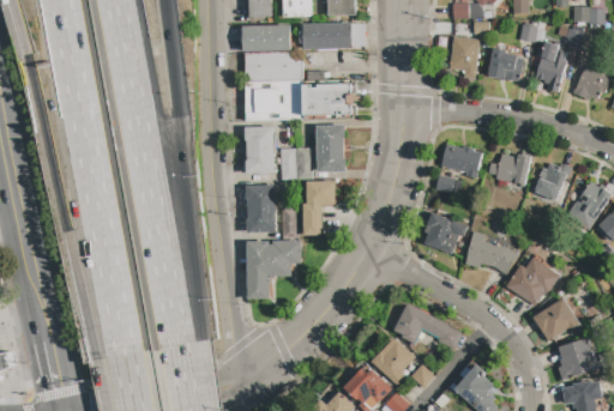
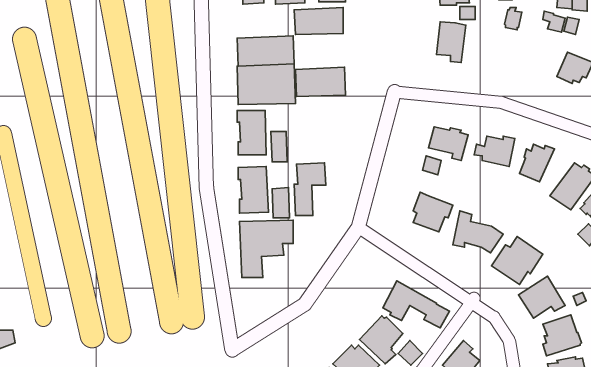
building: [242,24,290,52] -> none
building: [535,41,566,91] -> none
building: [487,47,523,81] -> none
building: [315,125,345,173] -> none
building: [294,147,311,180] -> none

